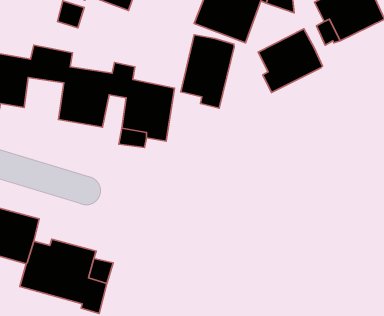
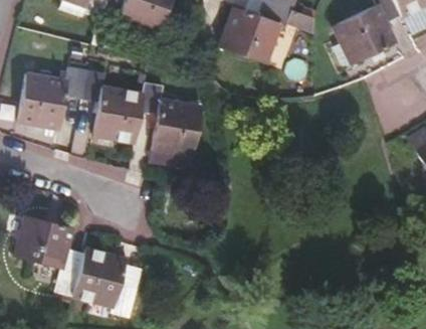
building: [258,29,322,93] -> none
building: [181,35,234,108] -> none

